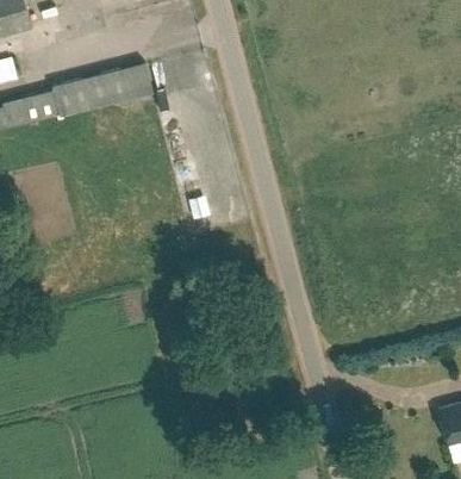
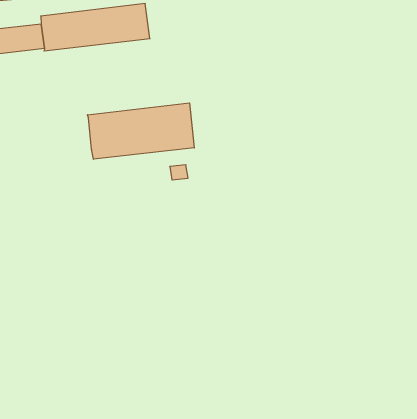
building: none -> [87,103,194,159]

